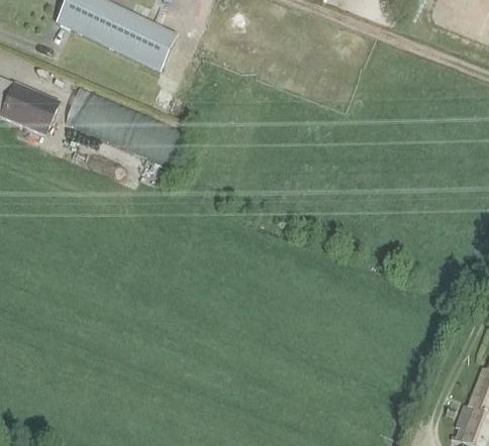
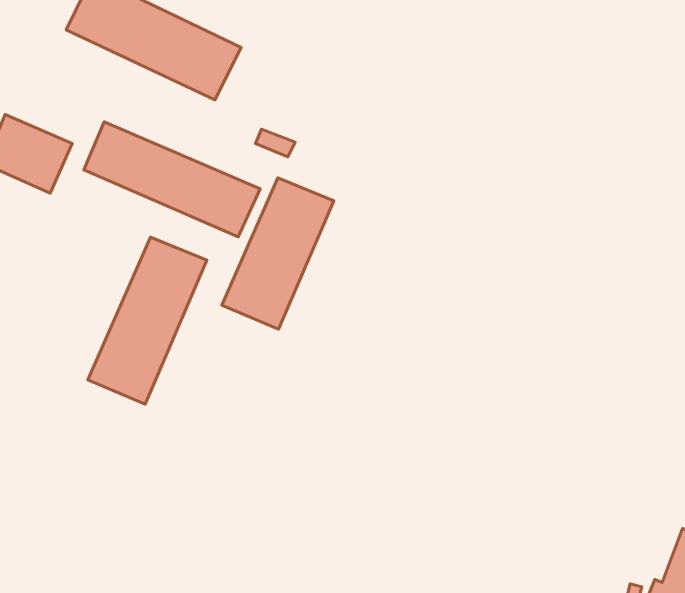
building: none -> [222,178,334,329]
building: none -> [88,237,207,404]

